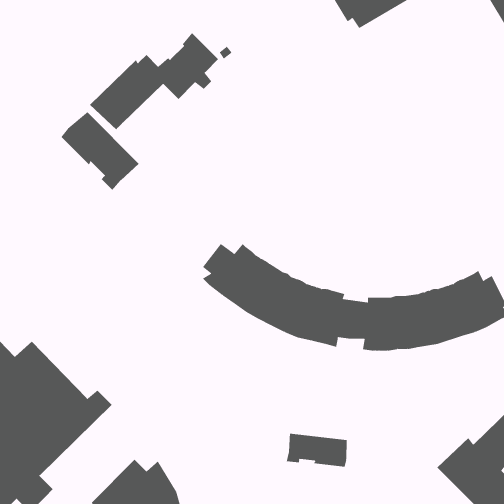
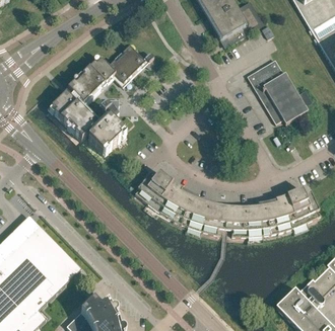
building: none -> [248,59,308,123]
building: none -> [84,99,123,153]
building: [286,433,347,467] -> none

